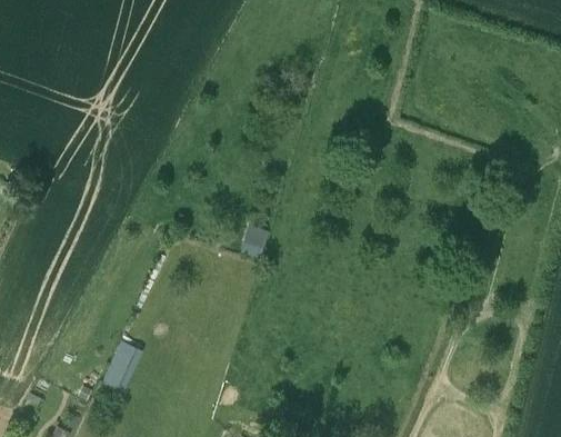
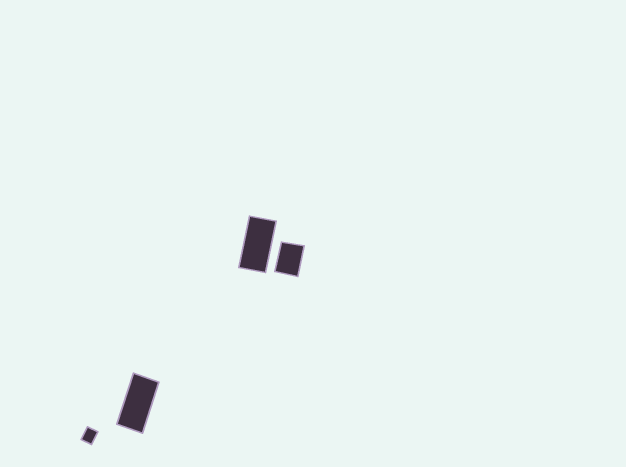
building: none -> [239,216,276,273]

